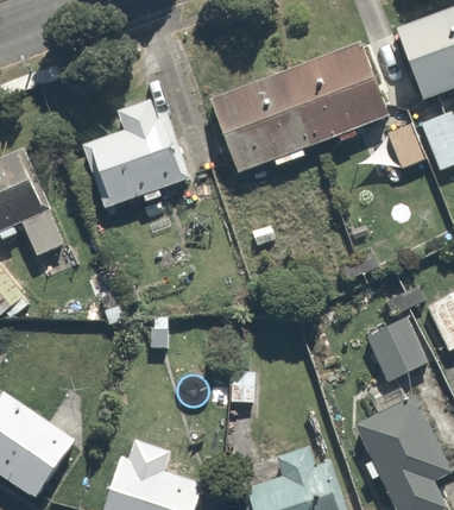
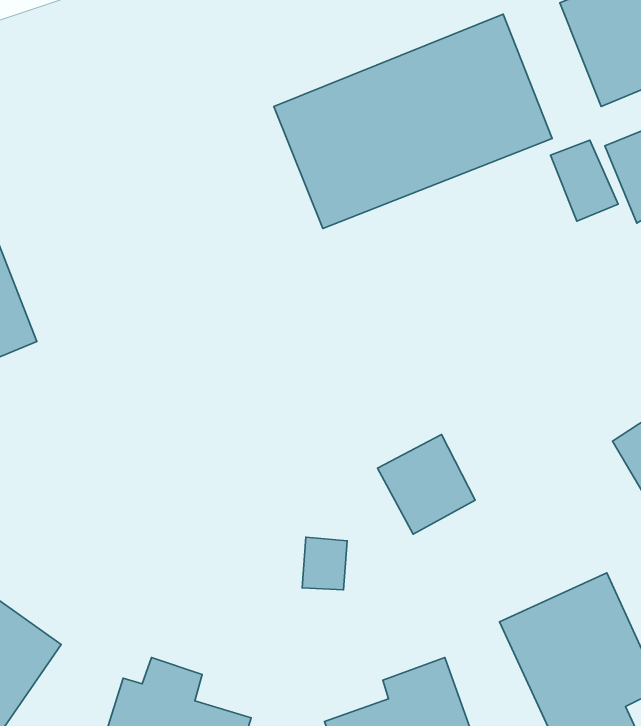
building: [88,94,191,207] -> none
building: [364,319,425,382] -> [378,434,475,534]

